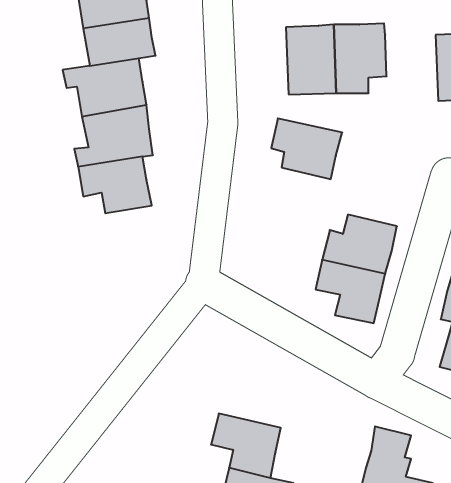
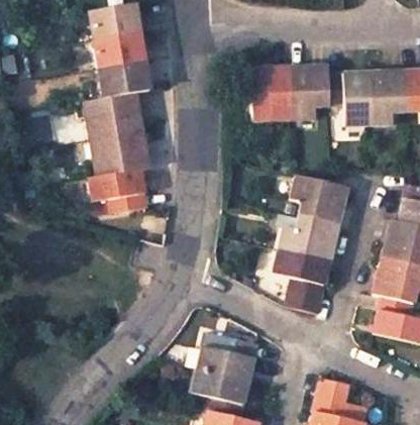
building: none -> [330,73,372,124]
building: [271,118,342,179] -> [293,175,348,222]
building: none -> [200,333,255,380]

